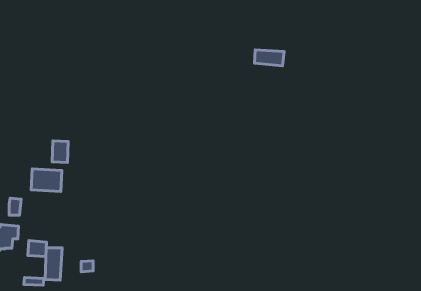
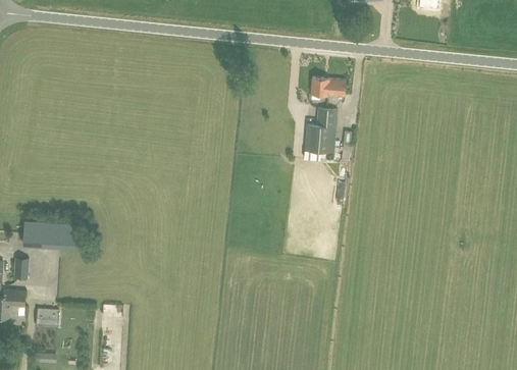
building: none -> [304,108,338,153]
building: [52,141,68,163] -> [22,220,42,247]
building: [45,248,62,280] -> none

